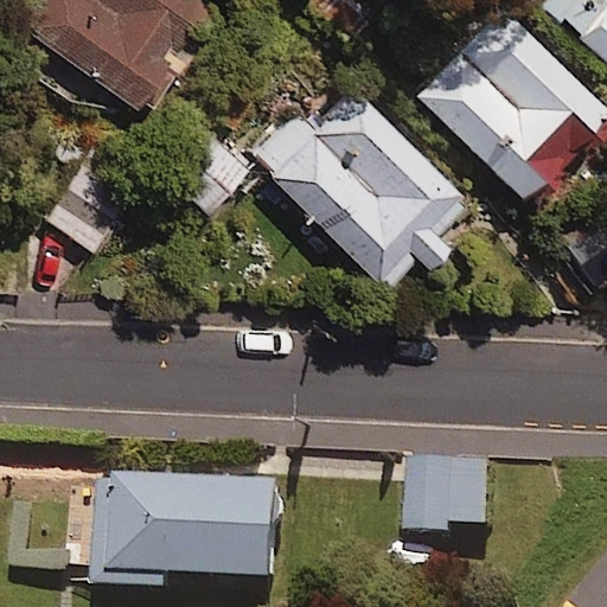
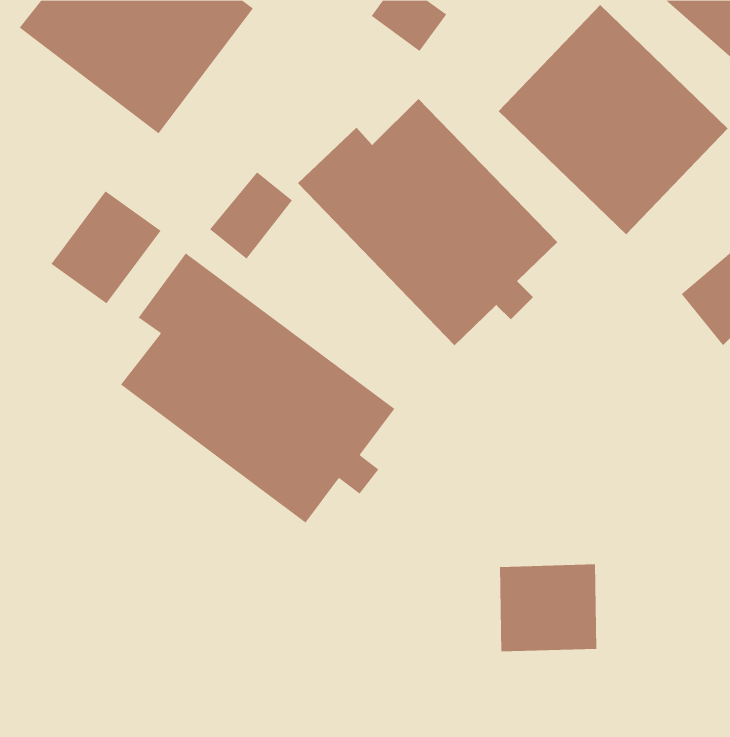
building: none -> [120,253,395,524]
building: [74,474,288,593] -> none

